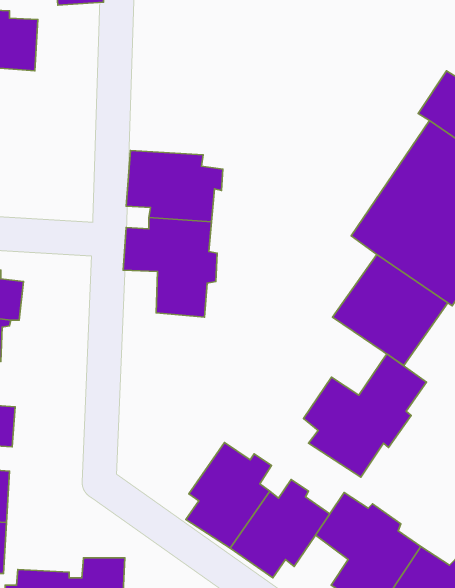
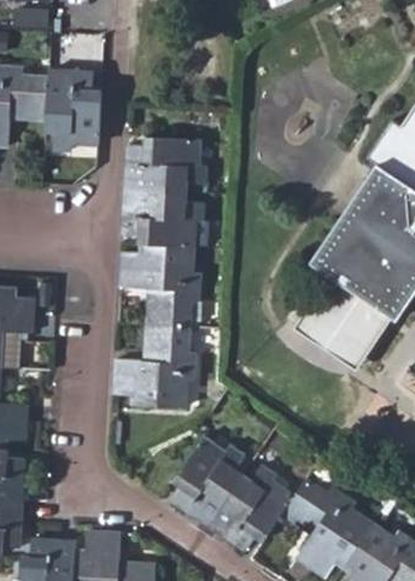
building: none -> [43,71,100,150]
building: none -> [125,135,206,191]
building: none -> [113,325,194,406]
building: [304,354,426,477] -> none

